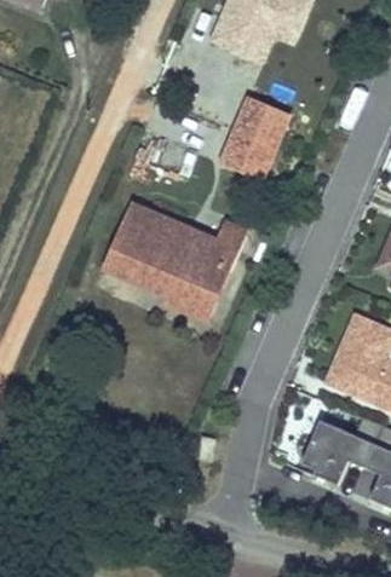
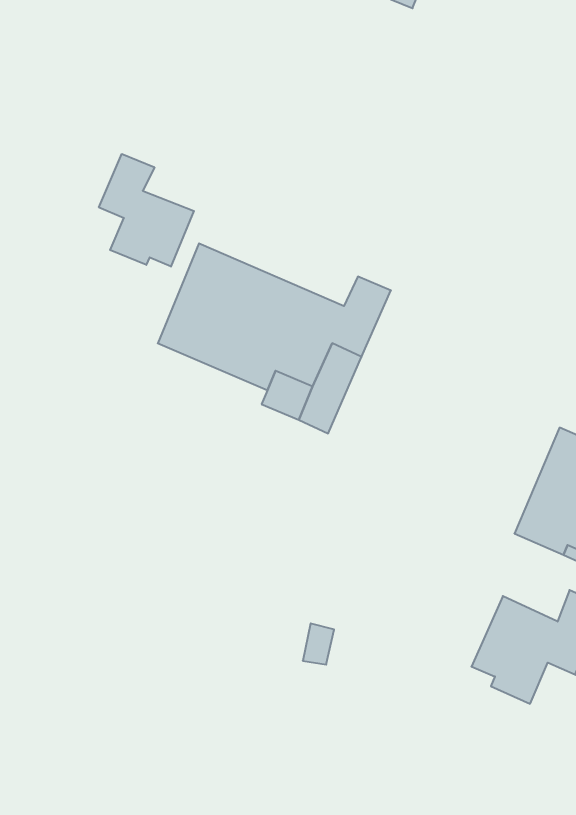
building: [225,102,291,179] -> none
building: none -> [99,154,194,267]

